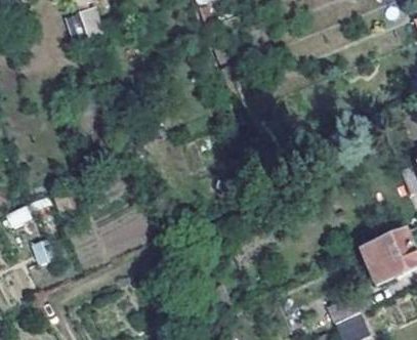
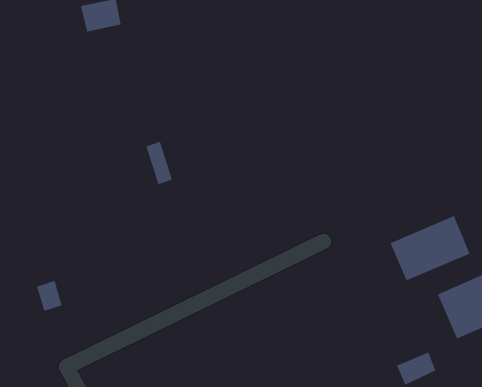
building: none -> [390,215,470,281]

